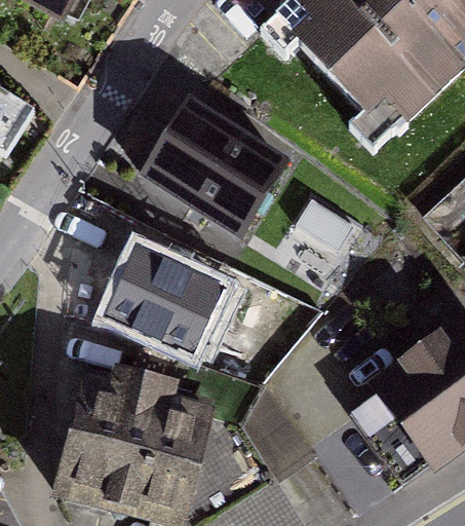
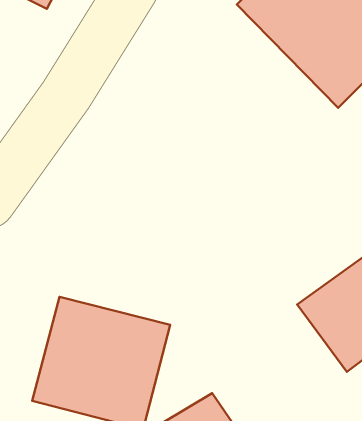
building: [146,115,287,243] -> none
building: [86,229,225,354] -> none

